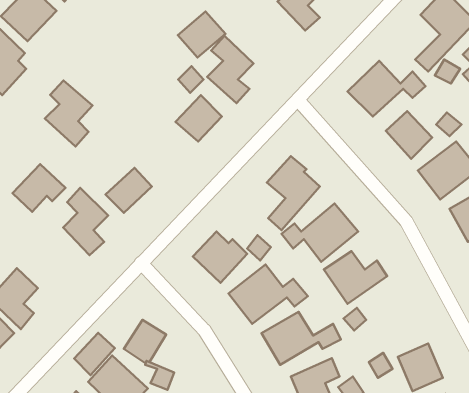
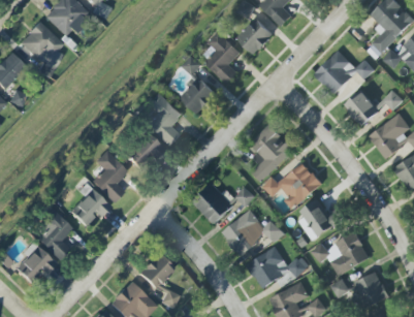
building: [178,11,225,58] -> [236,19,274,55]
building: [45,80,93,146] -> [145,94,182,146]
building: [12,164,65,212] -> [69,189,110,226]
building: none -> [329,232,370,276]
building: [74,333,115,375] -> none

